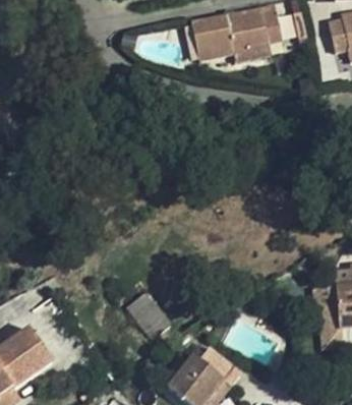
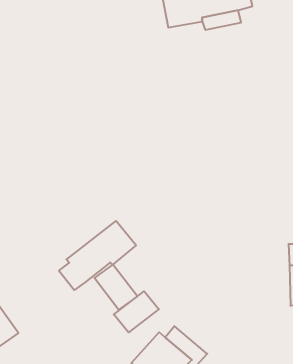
building: none -> [59,221,136,290]
building: none -> [114,291,159,332]

